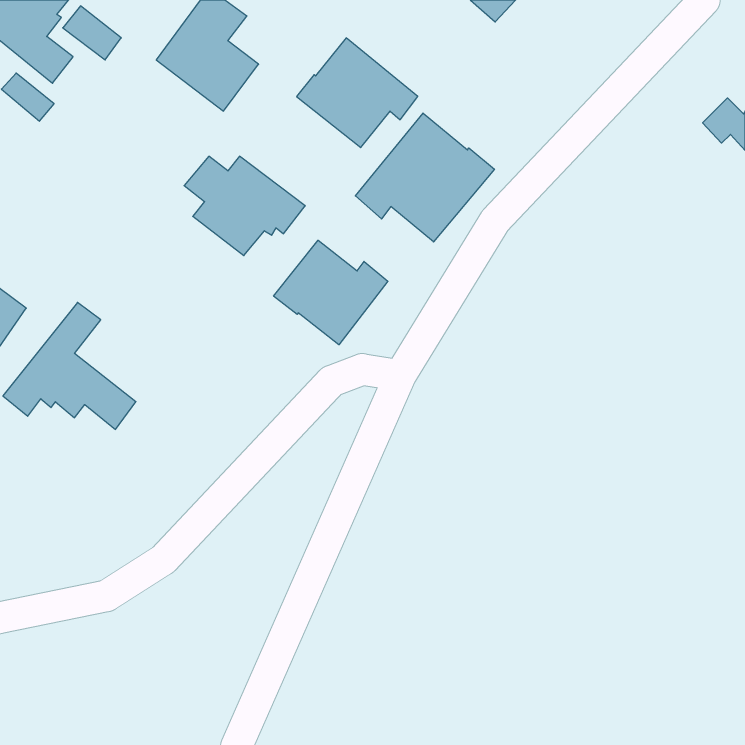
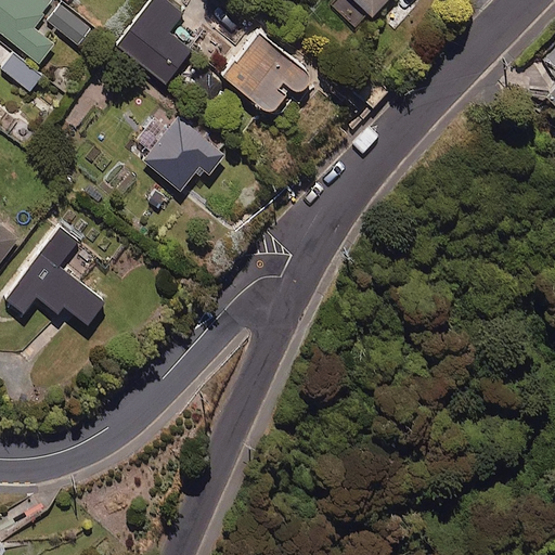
building: [355,113,494,242] -> none
building: [274,240,388,345] -> none

